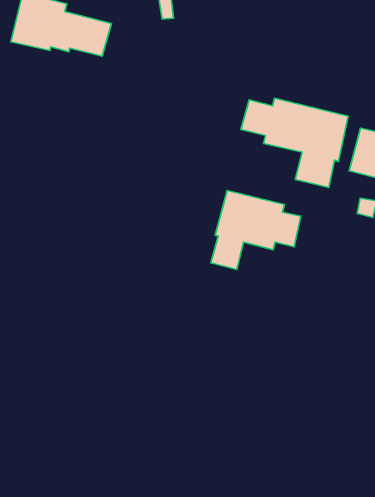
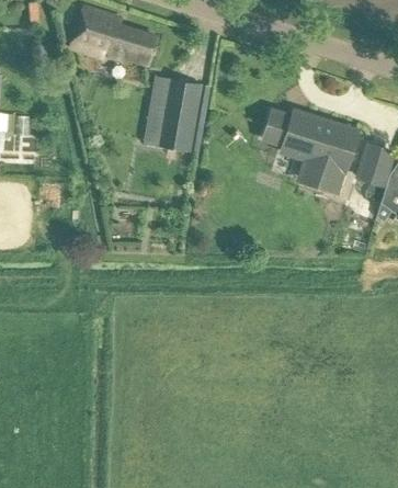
building: none -> [156,78,200,151]
building: [211,190,301,270] -> none

